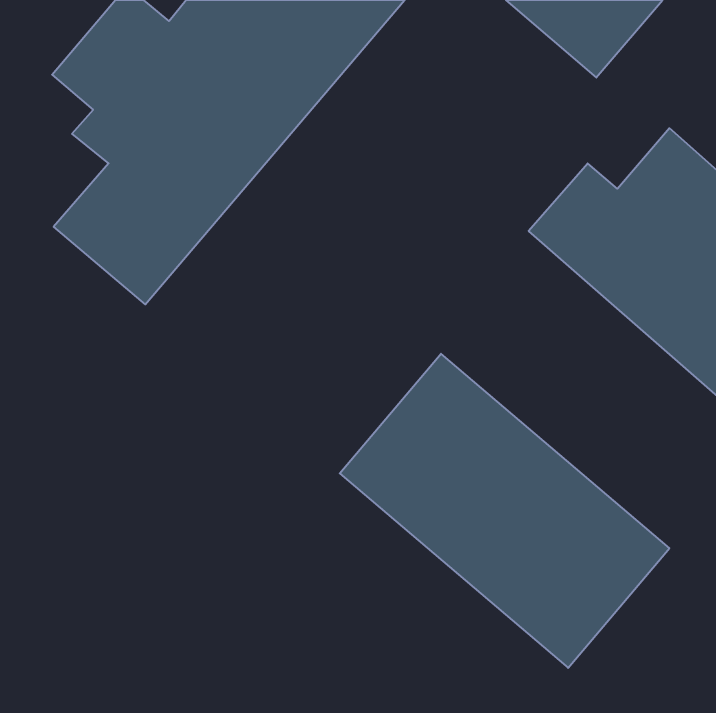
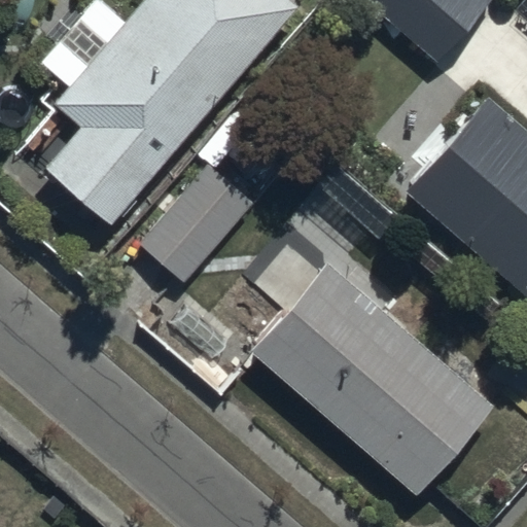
building: none -> [137,165,253,284]

